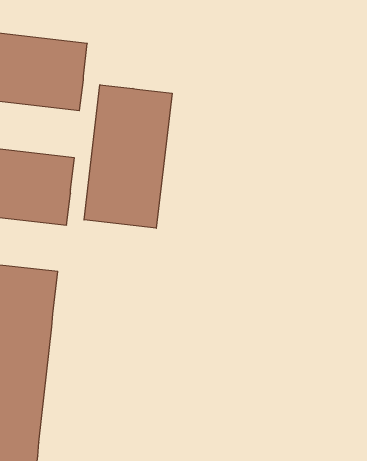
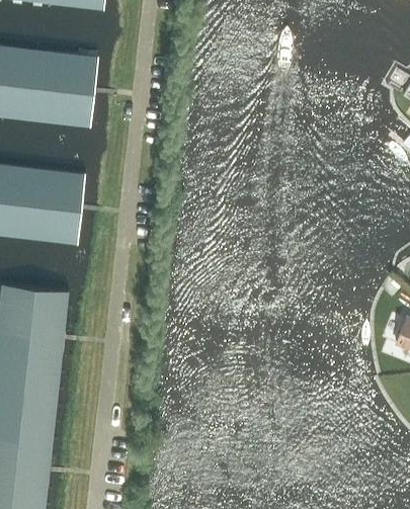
building: [84,85,172,228] -> none

